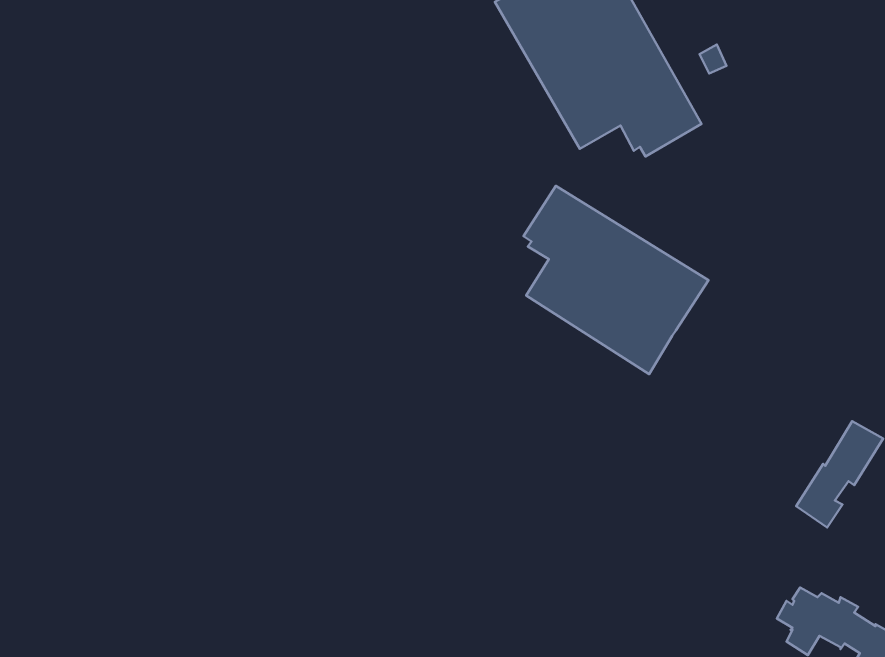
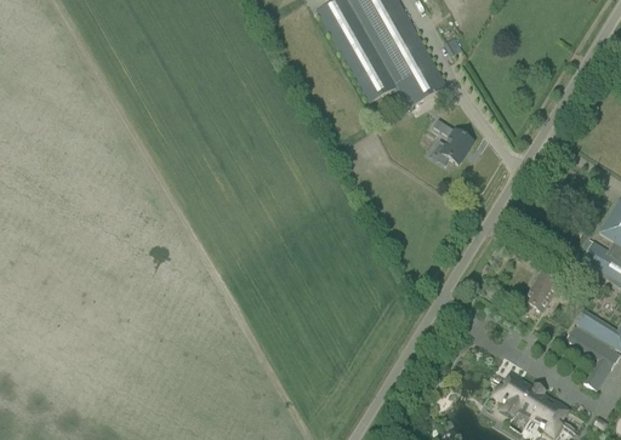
building: none -> [437,120,473,162]
building: [524,186,708,374] -> none

